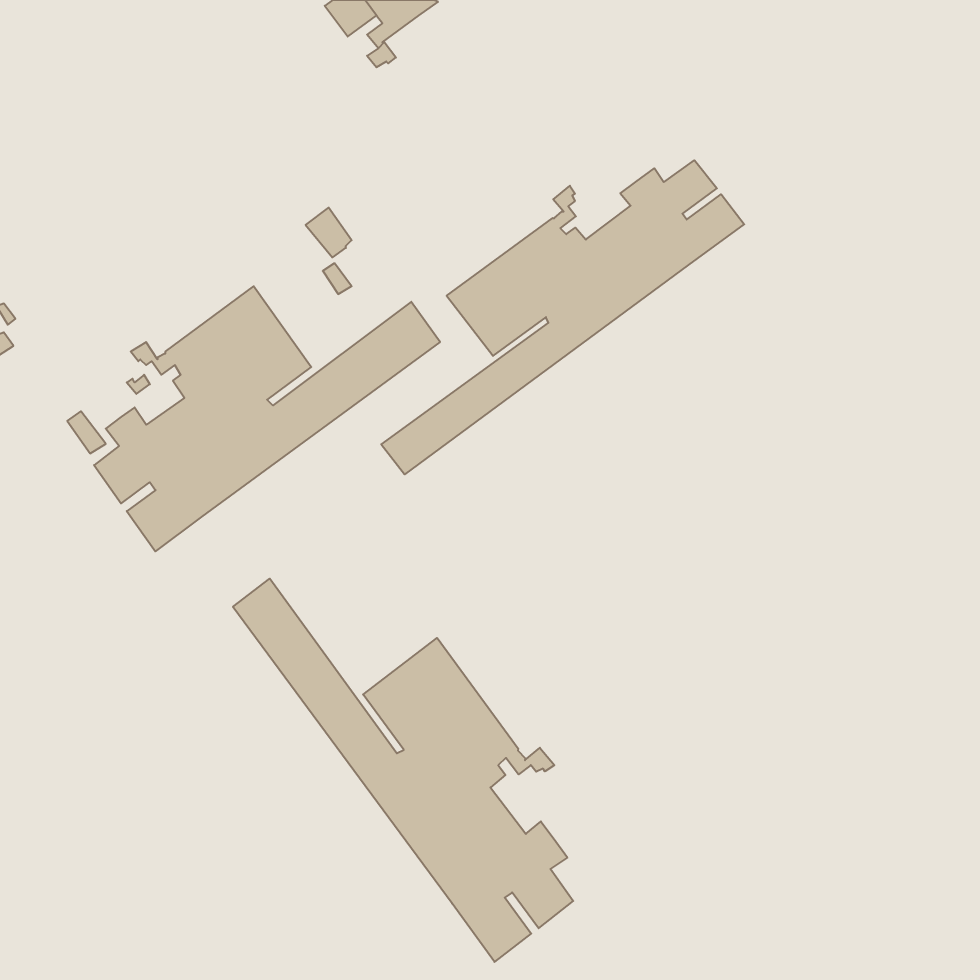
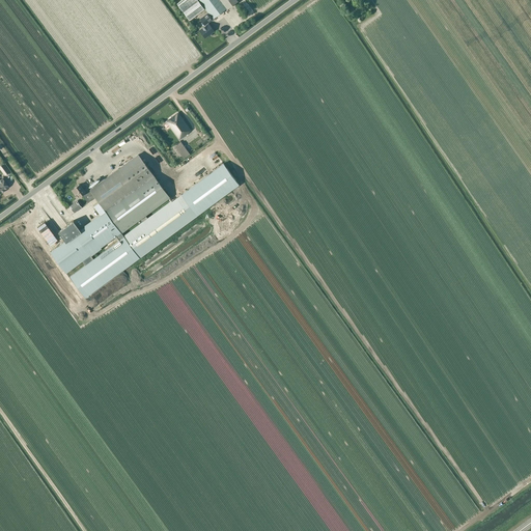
building: [381,160,744,474] -> none
building: [233,579,573,962] -> none

